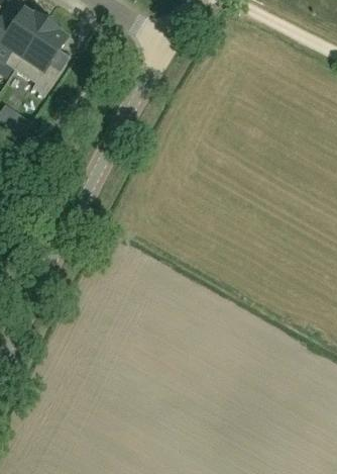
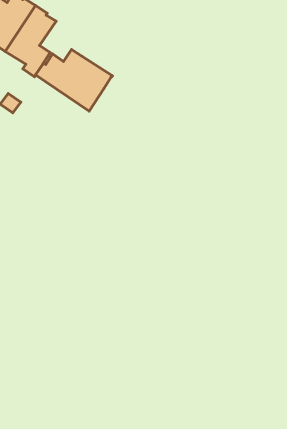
building: none -> [36,49,112,111]

